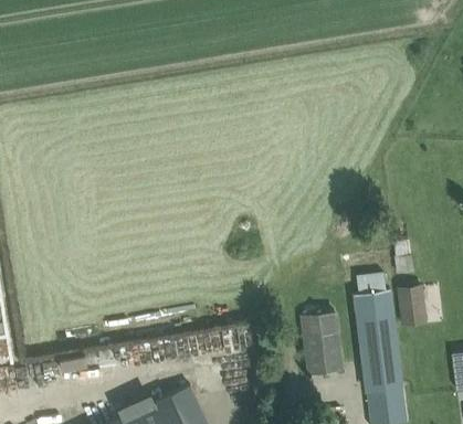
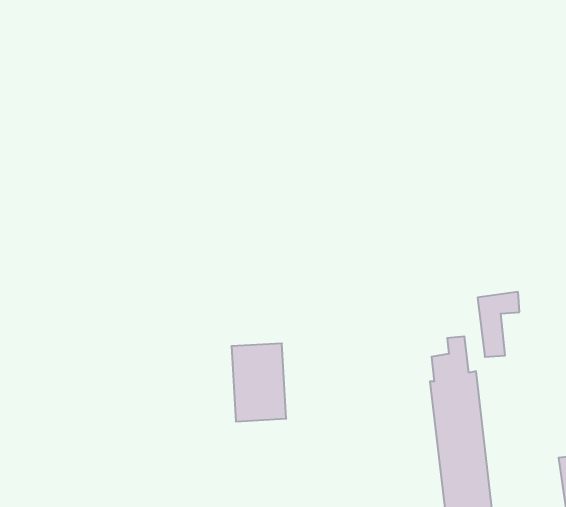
building: [399,287,425,325] -> none
building: [301,312,343,372] -> [231,343,286,421]

